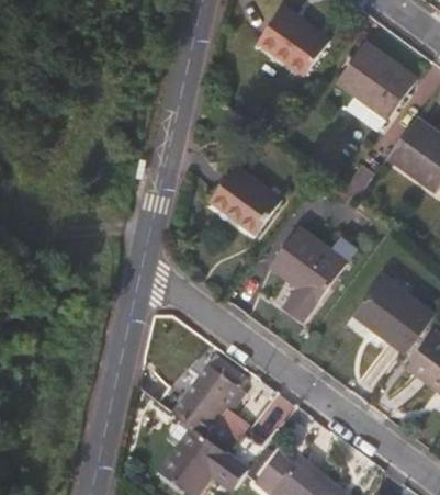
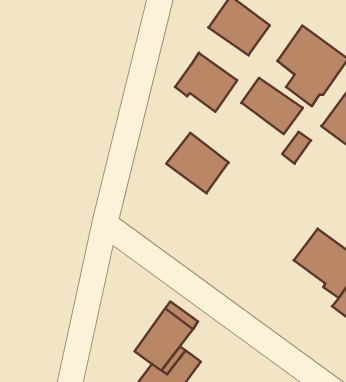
building: none -> [175,53,237,112]
building: none -> [241,78,303,134]
building: [267,226,347,320] -> none

